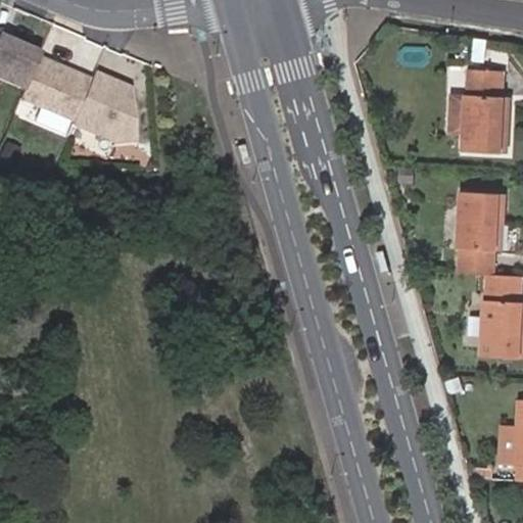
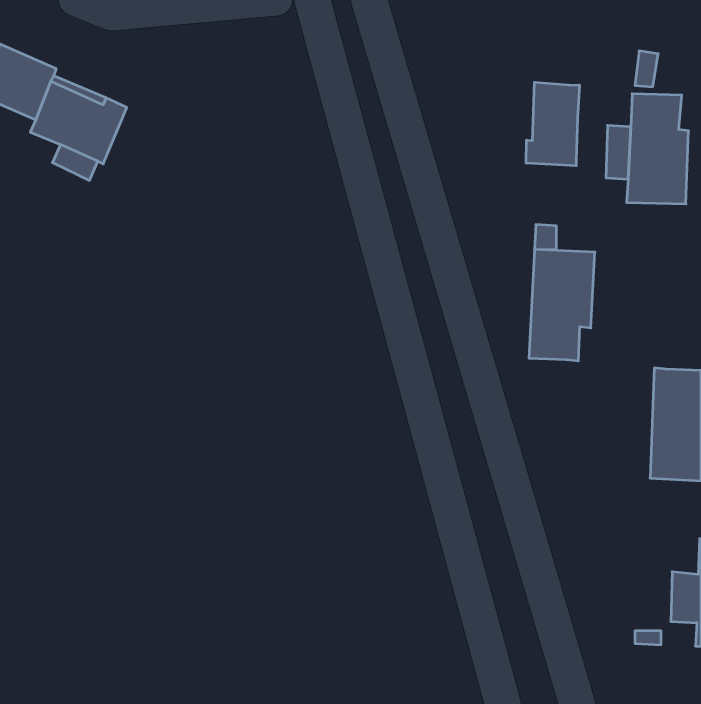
building: none -> [526,82,579,166]
building: [76,73,138,141] -> none
building: [458,191,507,274] -> [529,249,595,361]

